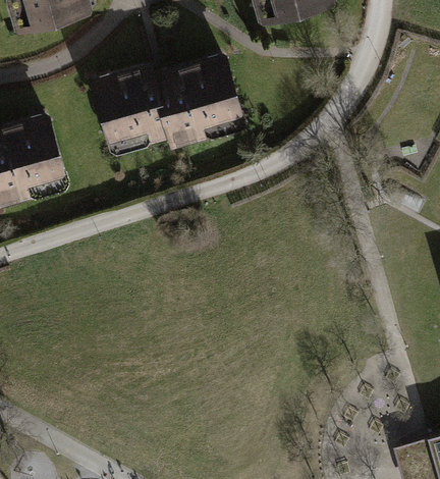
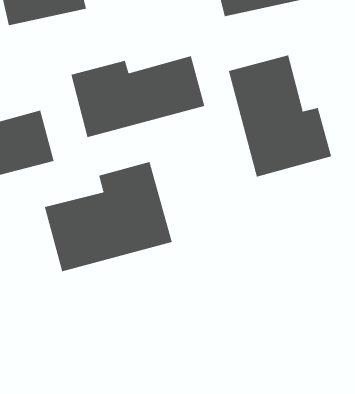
building: none -> [228,54,332,177]
building: none -> [44,161,172,272]

